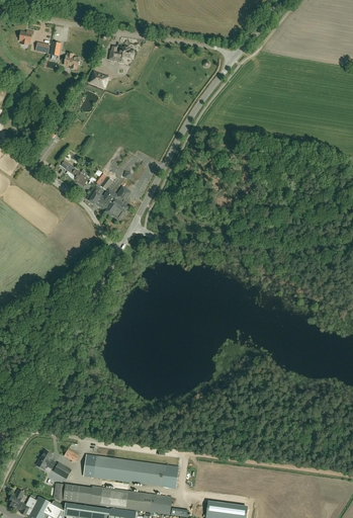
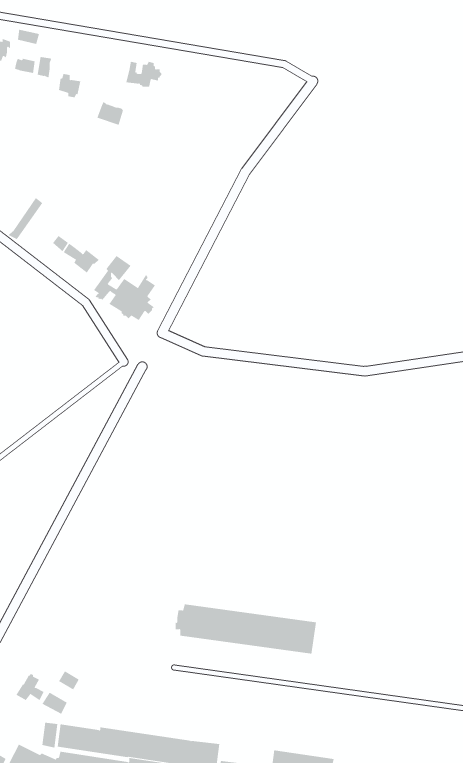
building: [85,455,179,489] -> [175,604,317,654]

